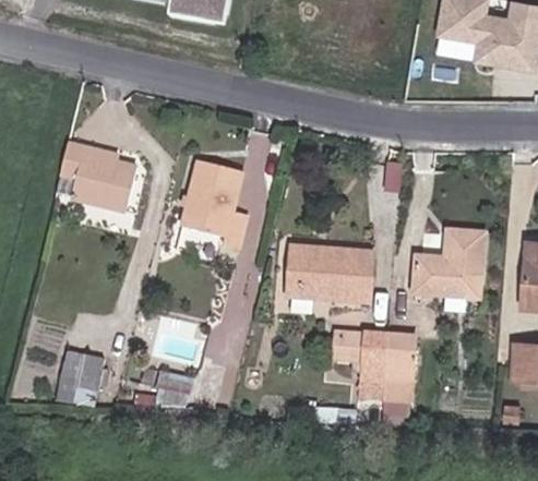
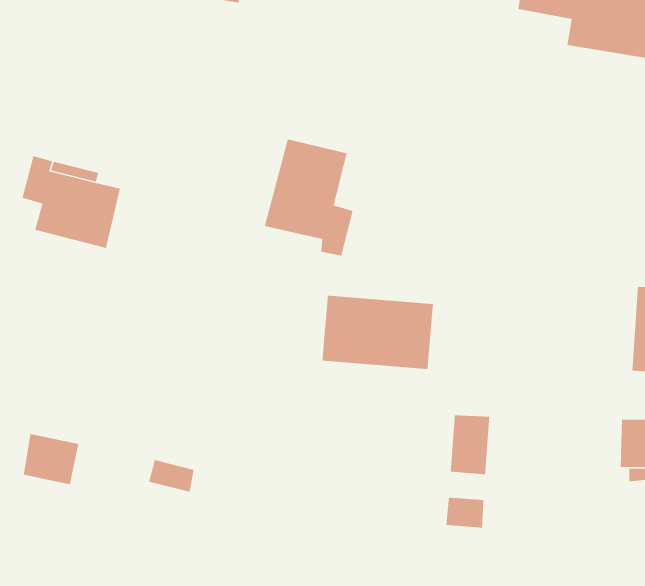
building: [179,159,247,249] -> [264,138,353,257]
building: [415,227,483,294] -> none
building: [343,334,387,380] -> none

